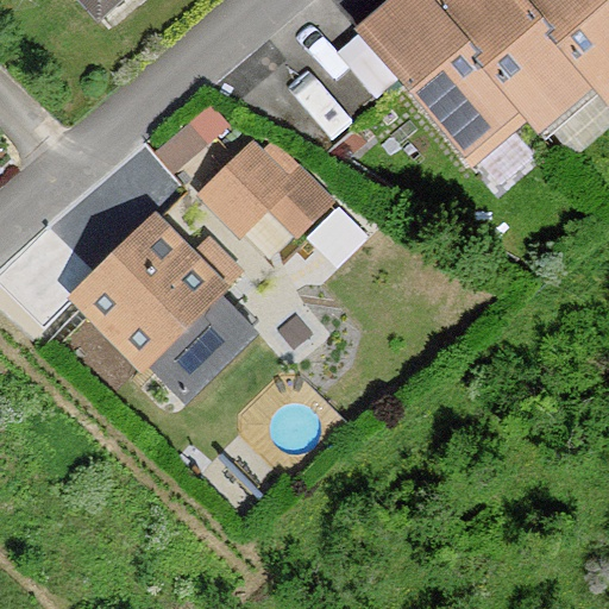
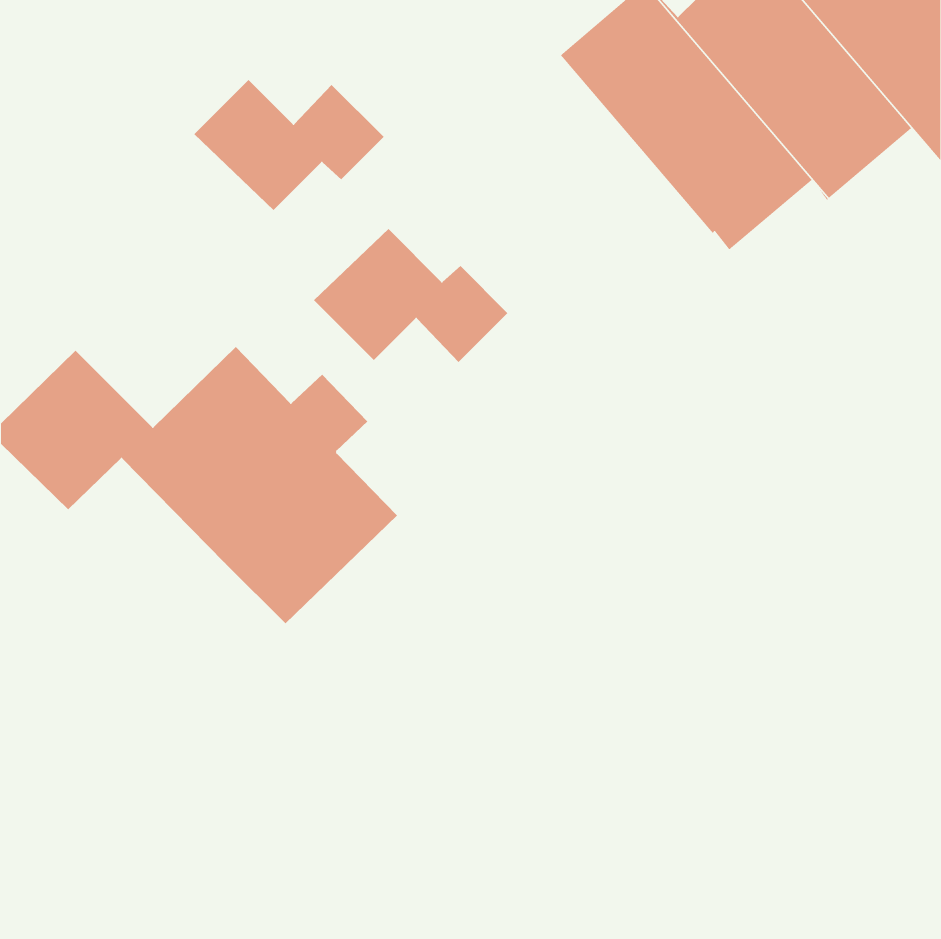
building: none -> [193,79,384,211]

